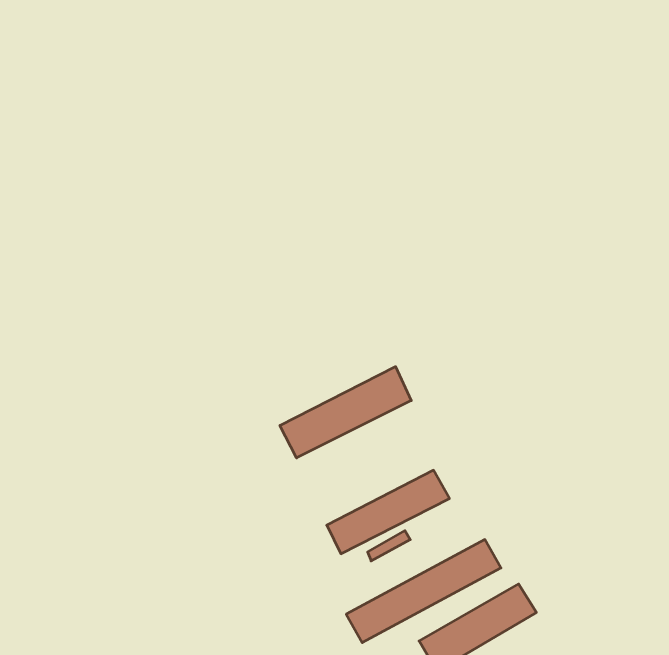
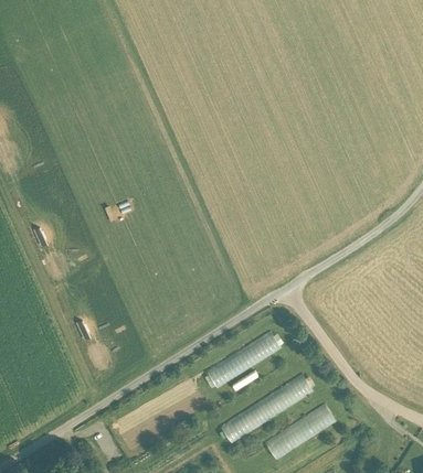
building: [280,367,411,458] -> none

